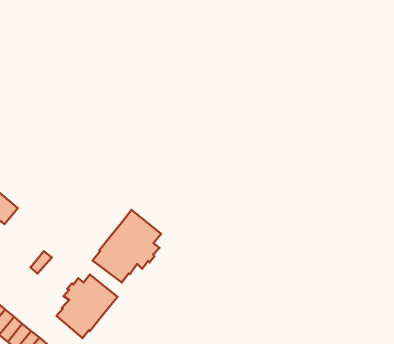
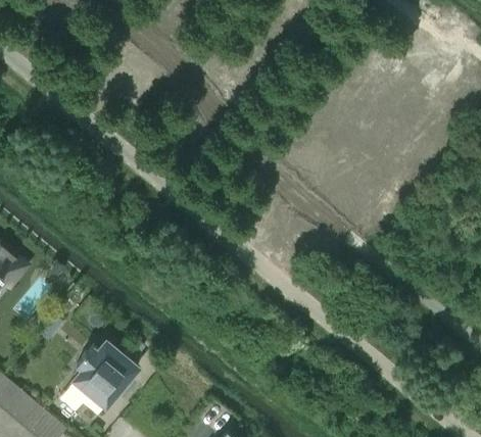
building: [93,210,161,282] -> none

